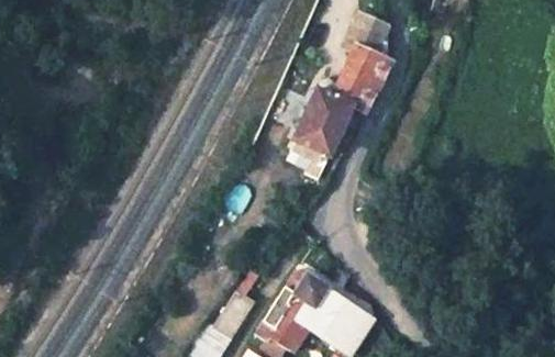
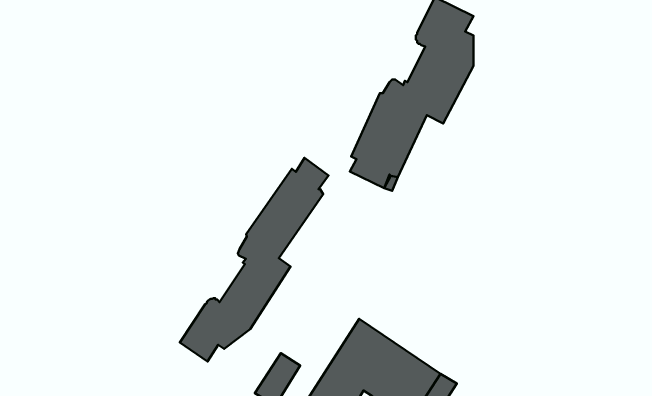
building: none -> [180,158,329,362]

